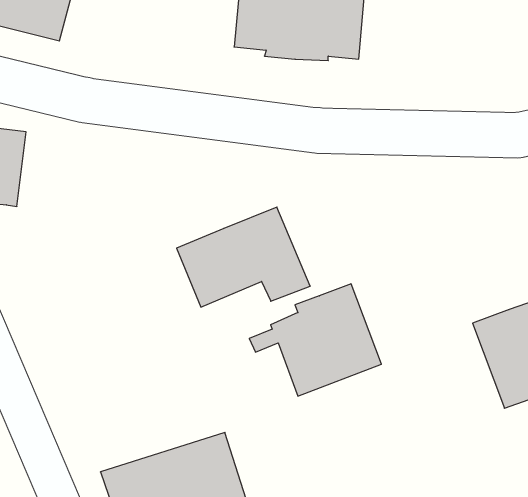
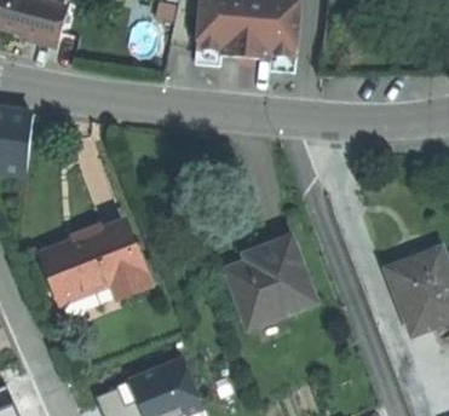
building: [177,207,310,307] -> [46,220,152,300]

